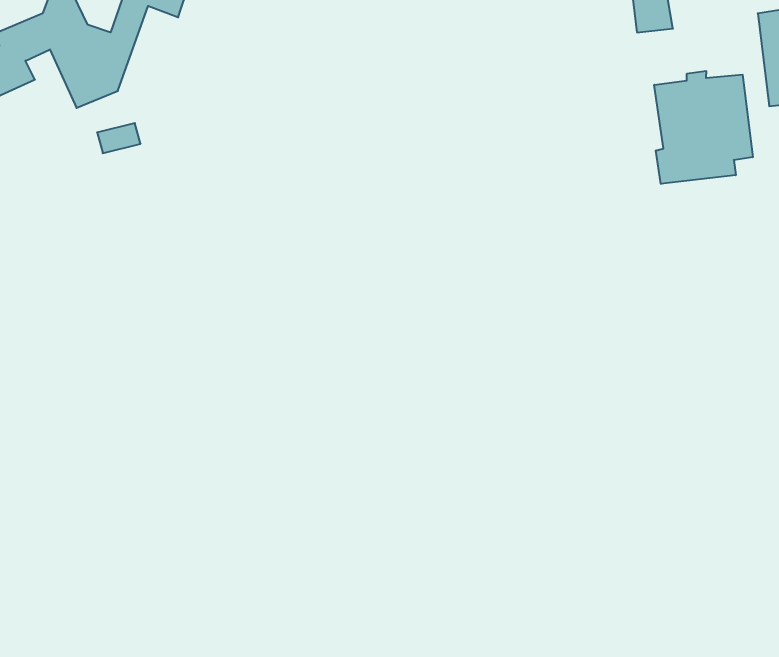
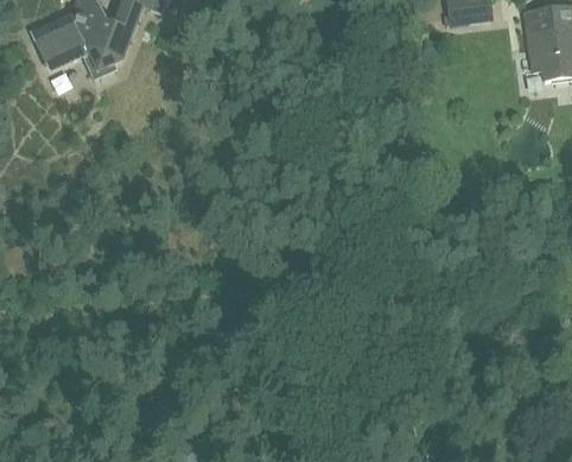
building: [654,71,753,184] -> none

